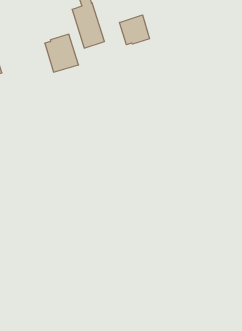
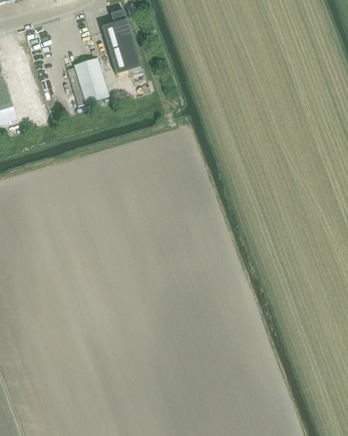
building: [120,15,150,45] -> none

